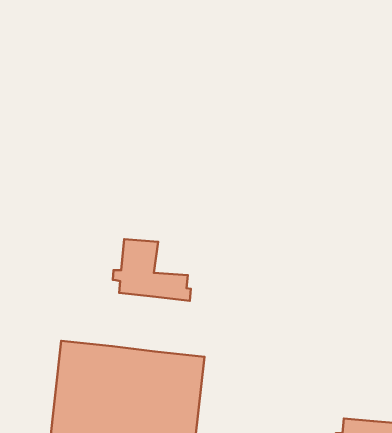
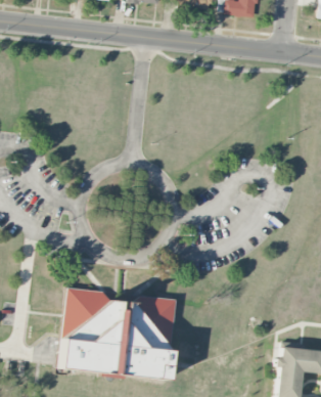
building: [113,239,191,301] -> none

